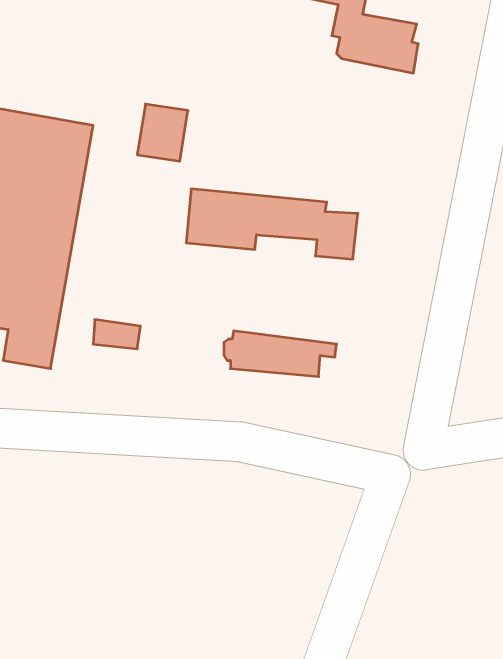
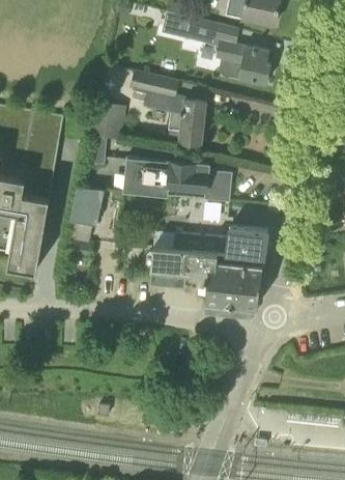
building: none -> [131,74,205,144]
building: none -> [70,183,102,226]
building: none -> [153,227,268,261]
building: none -> [205,264,262,308]

